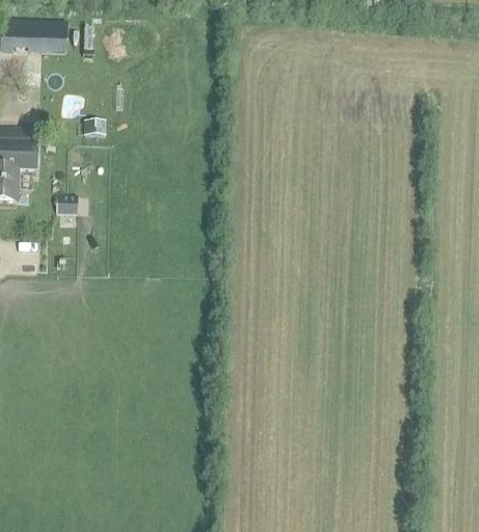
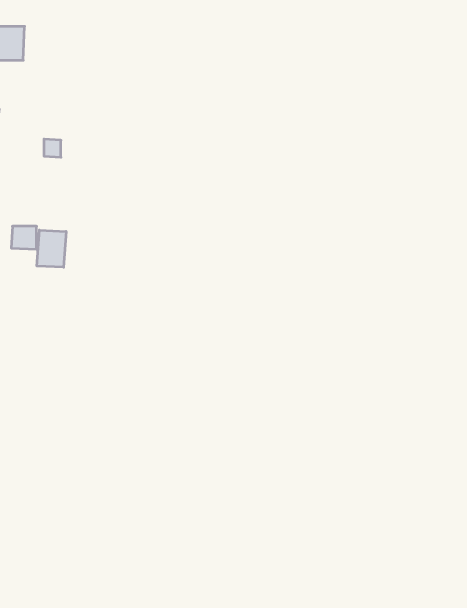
building: none -> [37,230,66,267]

